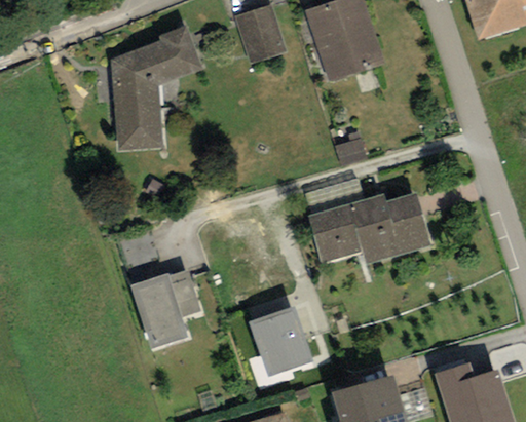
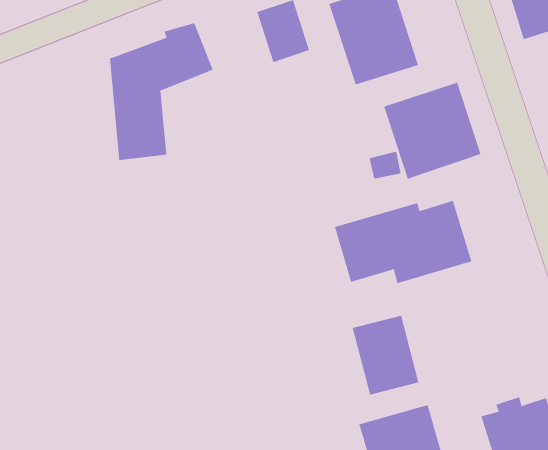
building: none -> [383,82,481,180]
building: [127,270,199,353] -> none
building: [255,308,314,379] -> [352,315,419,395]

